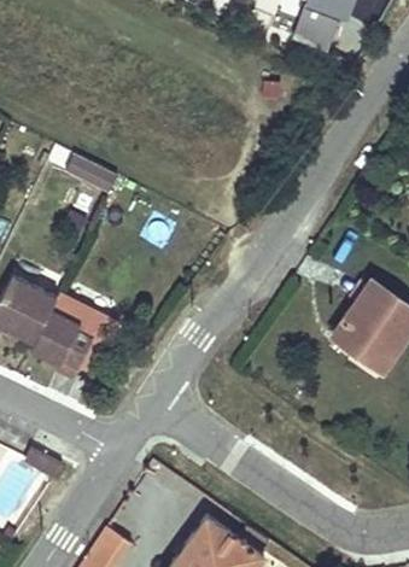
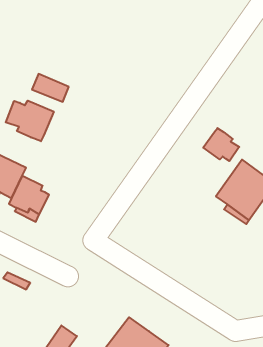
building: none -> [6,101,54,141]
building: none -> [203,128,239,161]

